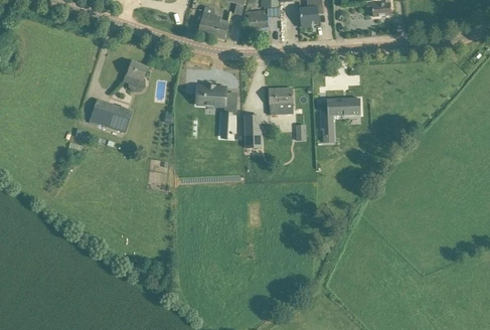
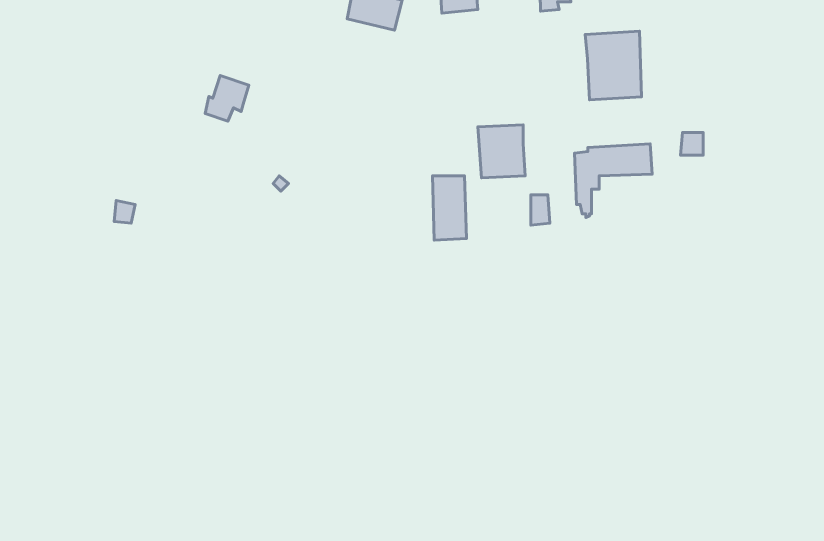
building: none -> [585,31,641,100]
building: [196,86,235,129] -> none
building: [90,100,131,129] -> none

